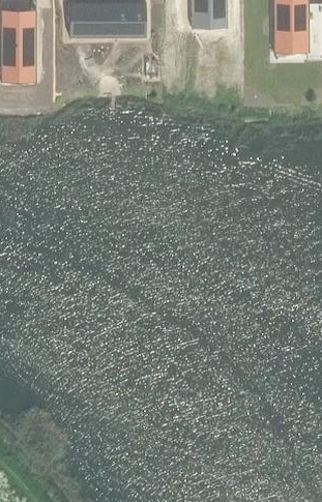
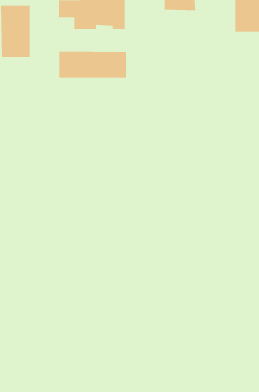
building: none -> [58,51,127,78]

